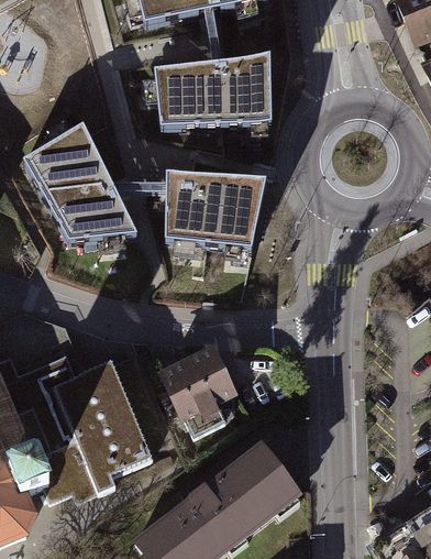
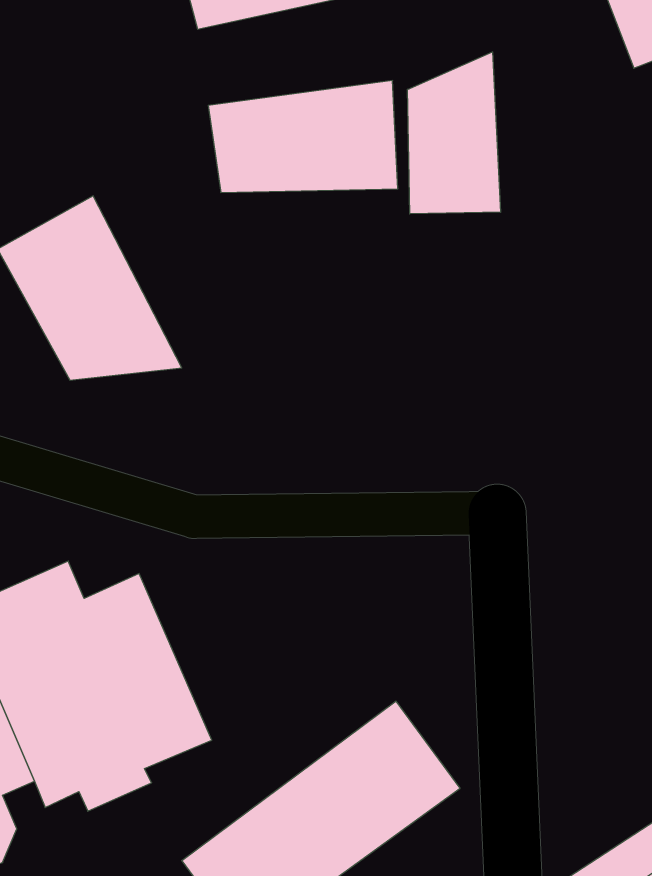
building: none -> [407,52,501,214]
building: [166,172,263,248] -> none
building: [161,353,244,426] -> none

